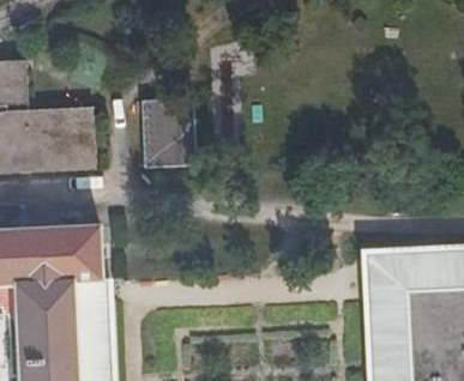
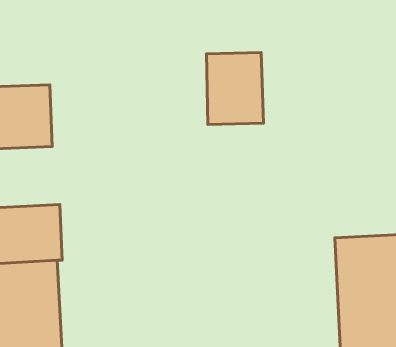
building: [139,99,194,169] -> [207,53,264,124]

